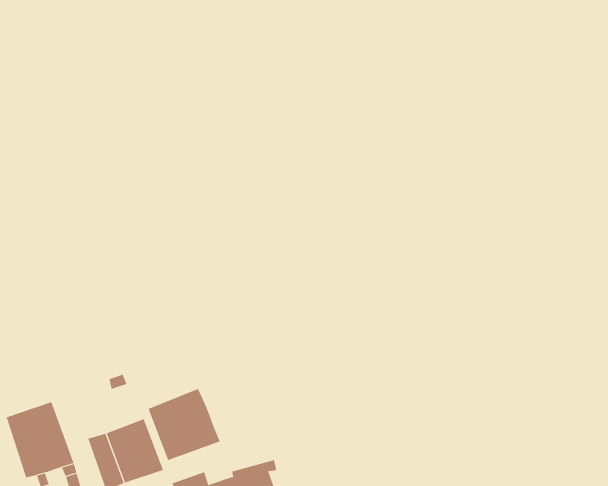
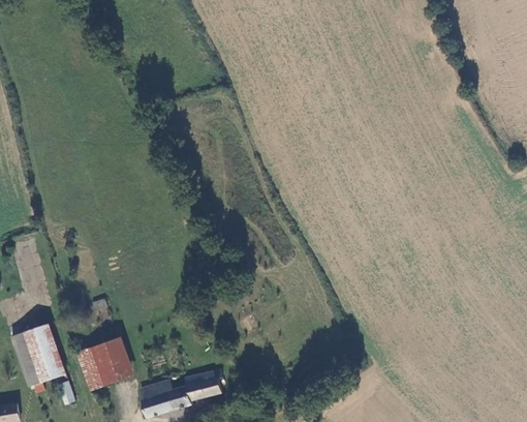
building: [148,388,221,461] -> none

